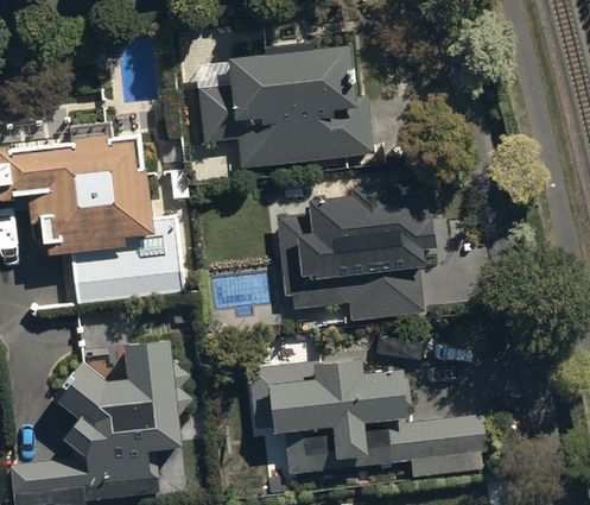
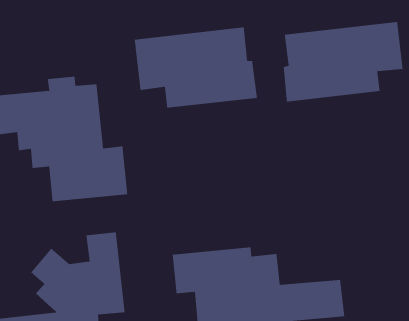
building: none -> [283,21,404,102]
building: [275,178,430,321] -> none

